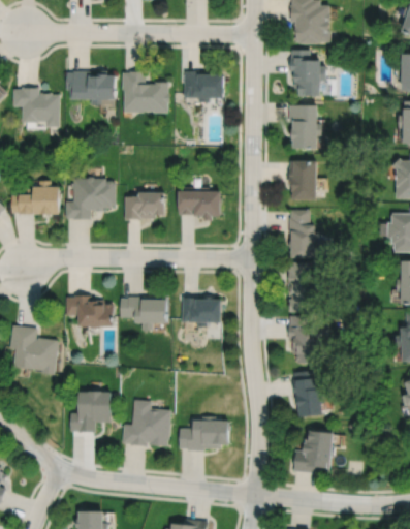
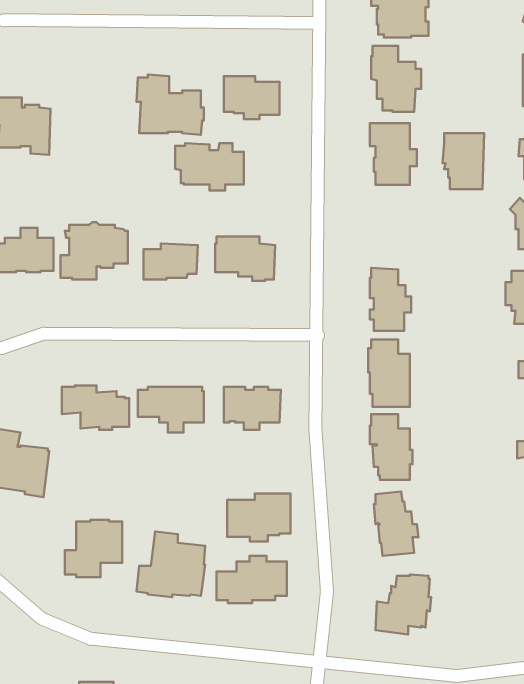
building: [65,70,115,104] -> [175,143,244,190]
building: [288,161,318,201] -> [443,133,484,189]
building: none -> [227,493,290,542]

